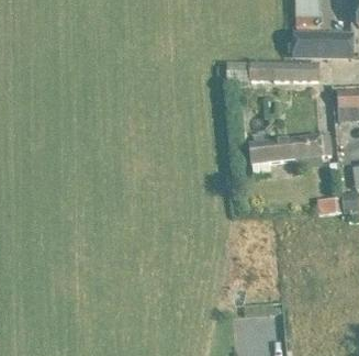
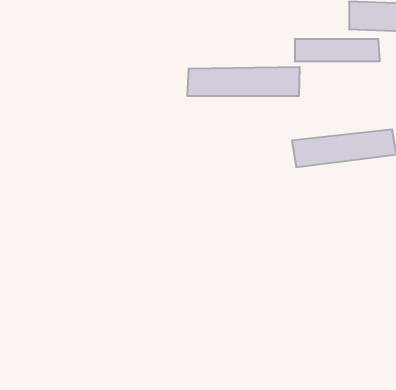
building: none -> [188,67,300,96]

